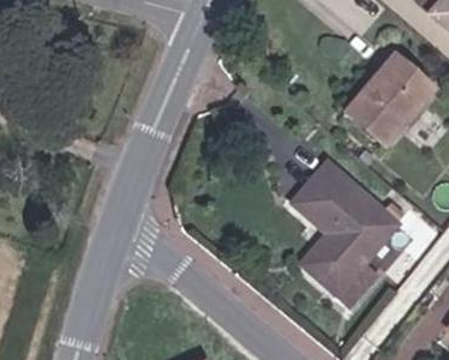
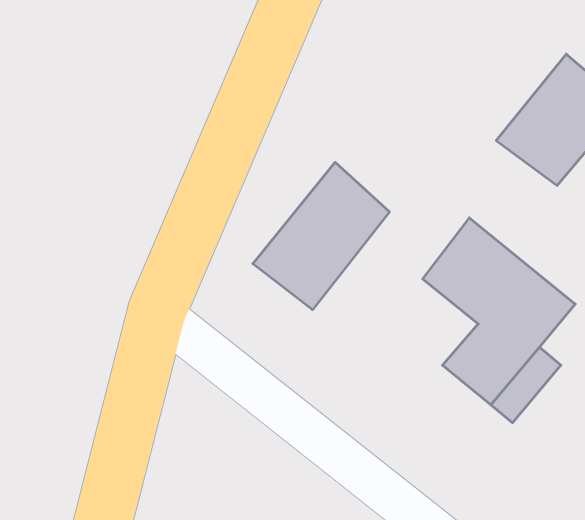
building: none -> [253,162,389,310]

